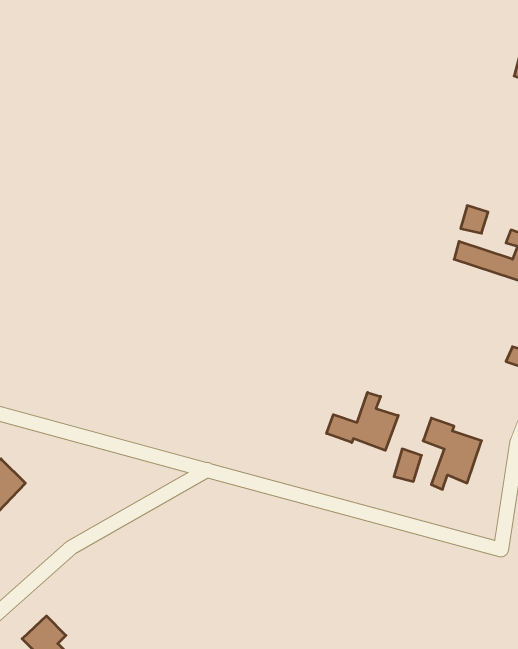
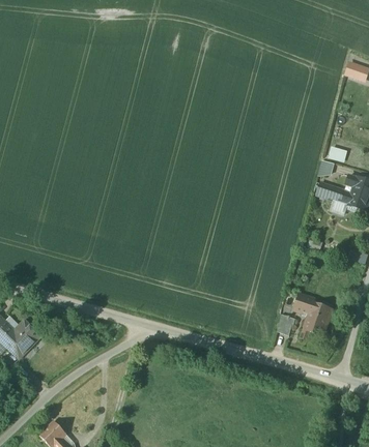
building: [327,392,398,450] -> none

